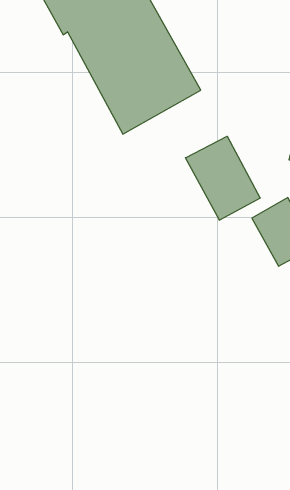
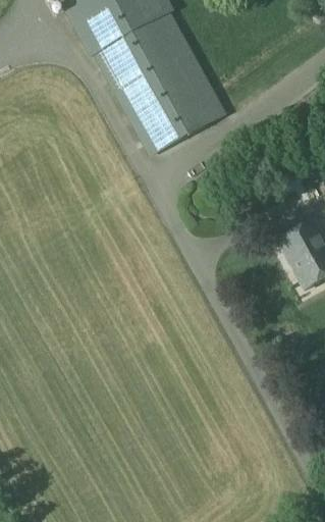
building: [185,136,260,220] -> none

